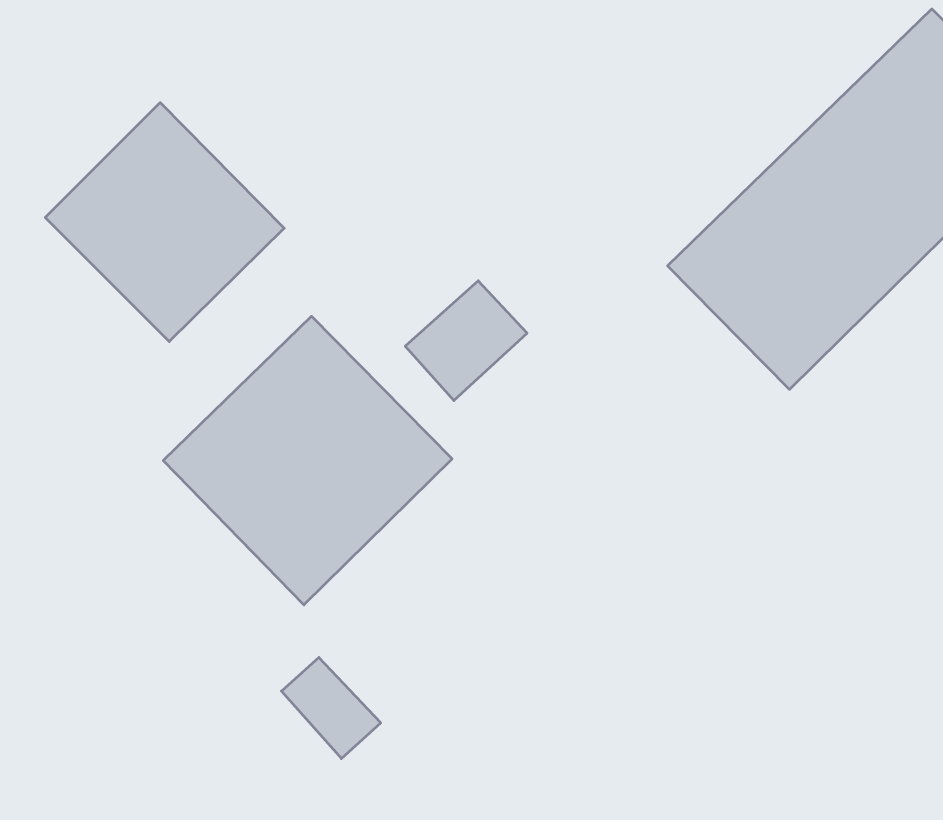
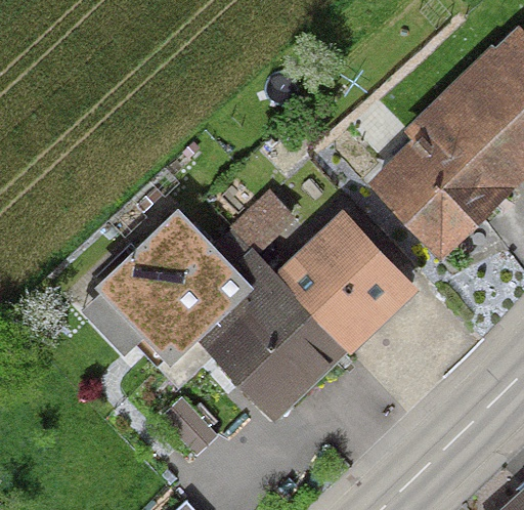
building: [45,103,284,342] -> none
building: none -> [209,224,401,411]

